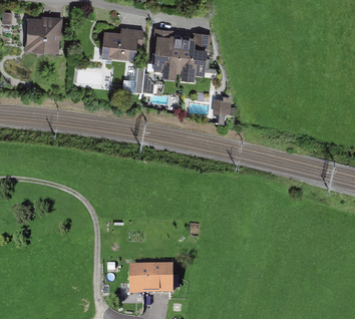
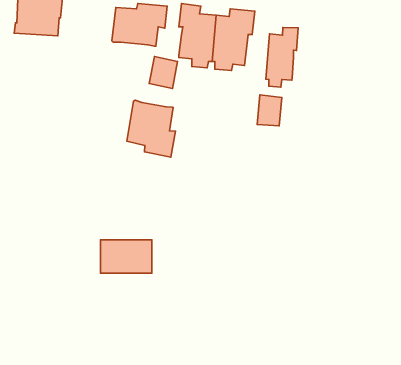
building: none -> [266,28,298,87]
building: none -> [127,100,175,157]
building: [130,270,170,296] -> [101,240,152,273]

